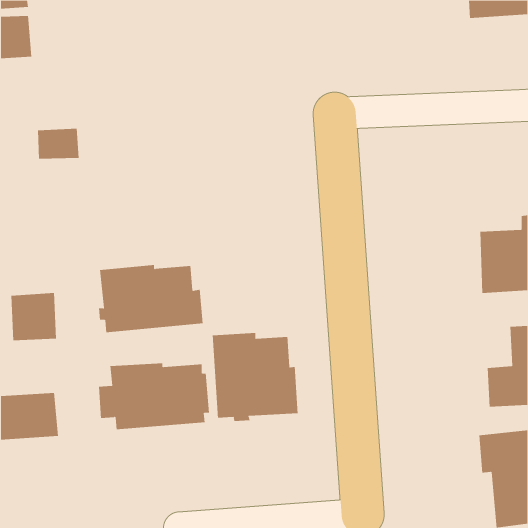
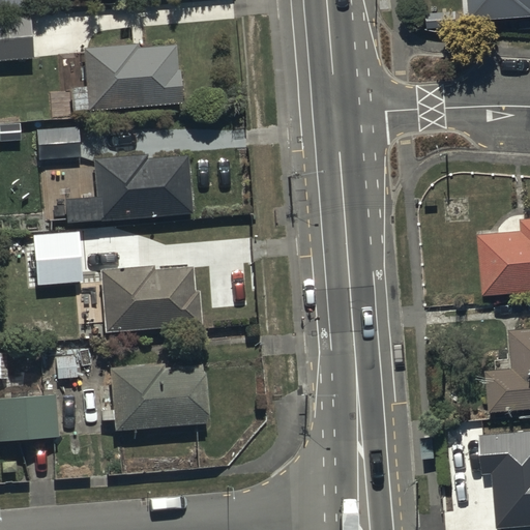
building: none -> [84,45,184,111]
building: none -> [67,154,193,223]
building: [10,292,57,341] -> [34,233,81,282]
building: [212,332,298,422] -> none

